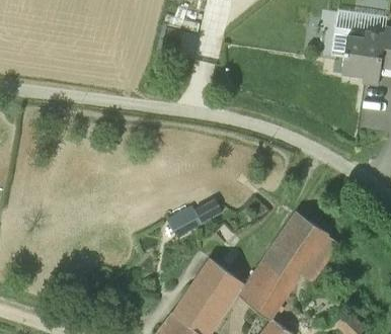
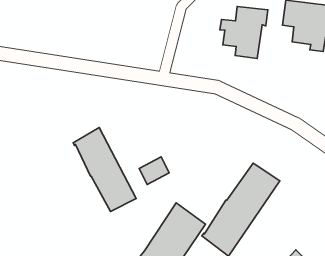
building: none -> [220,6,268,58]
building: none -> [73,128,136,211]

